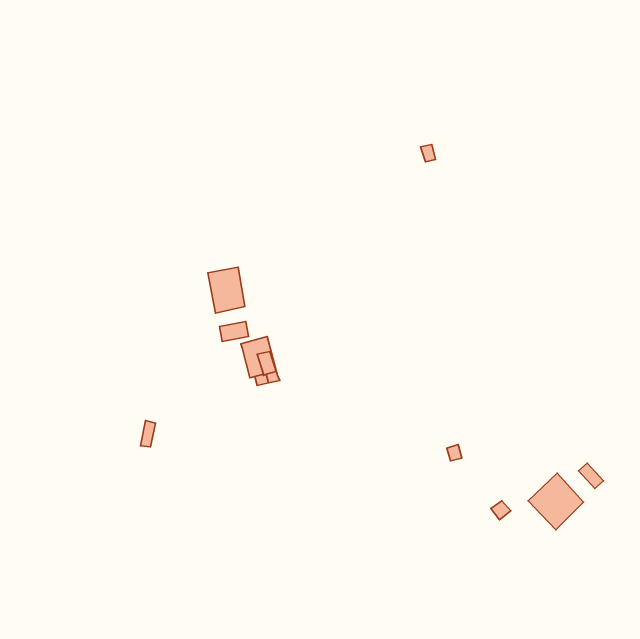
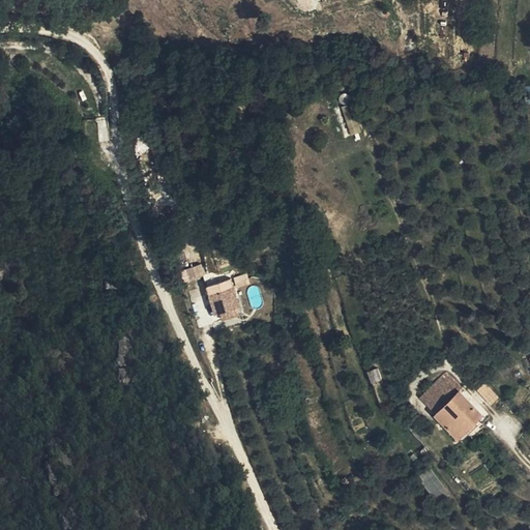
building: [208,267,245,313] -> none
building: none -> [421,373,464,415]

